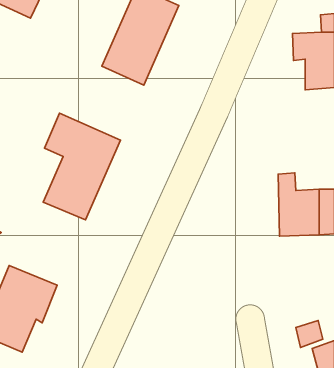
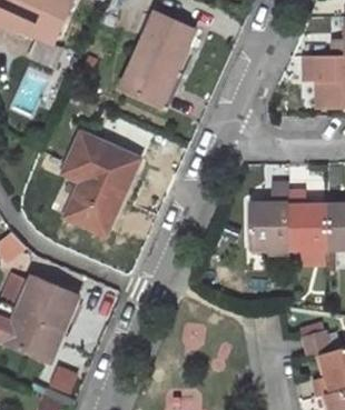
building: none -> [249,180,290,252]

